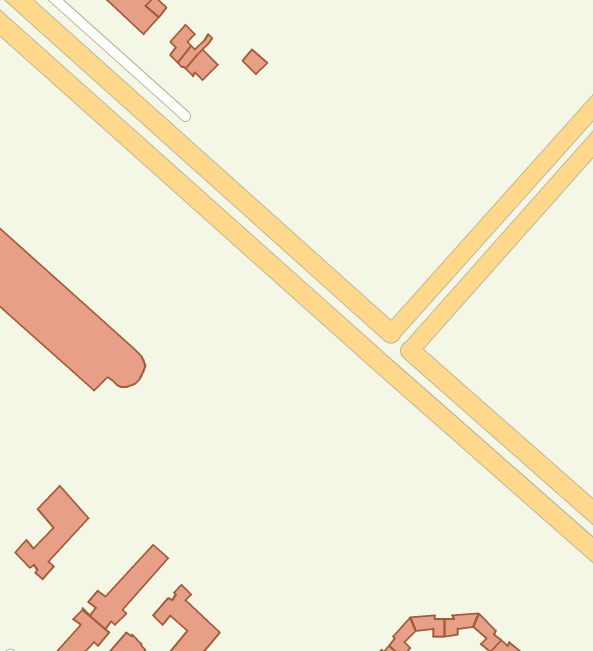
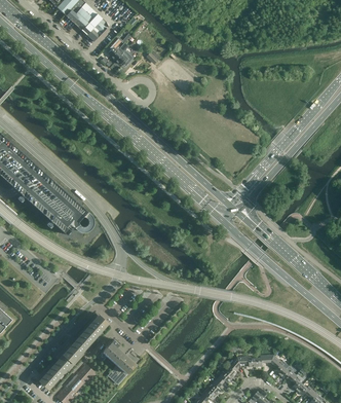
building: [15,486,89,579] -> none

